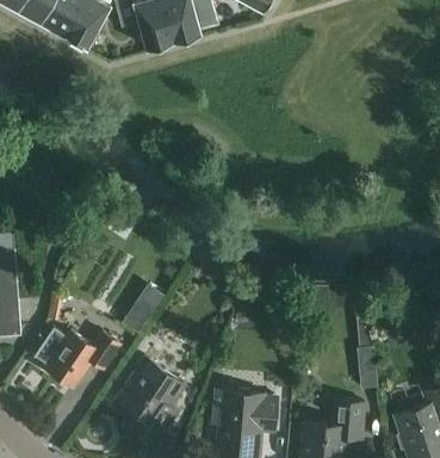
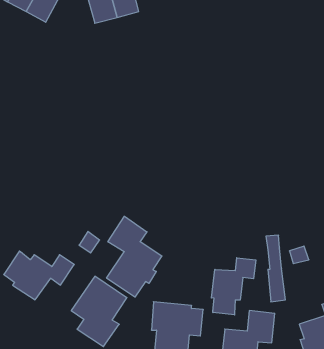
building: none -> [107,216,162,297]
building: none -> [211,258,256,315]

